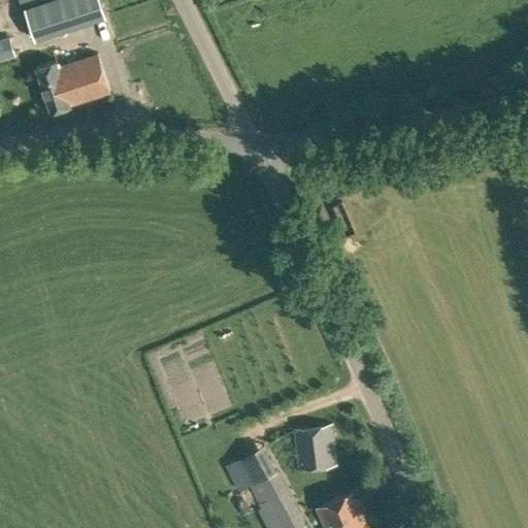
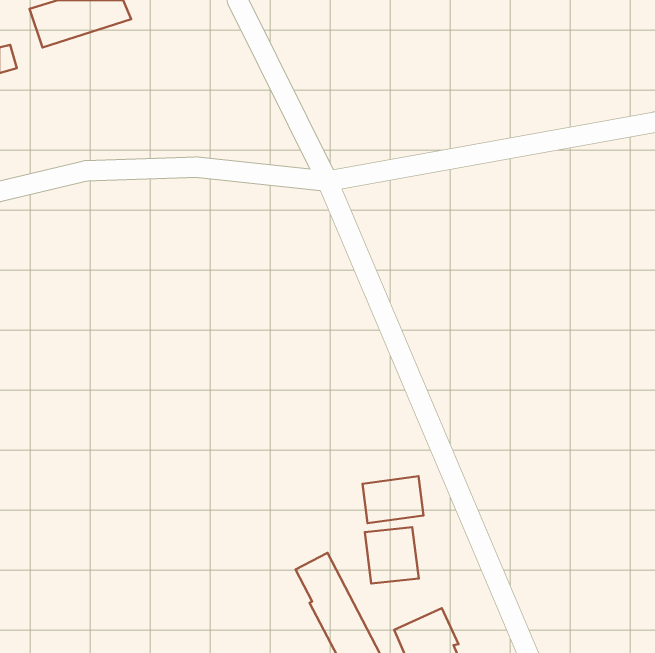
building: [36,57,108,113] -> none
building: none -> [363,476,423,523]

